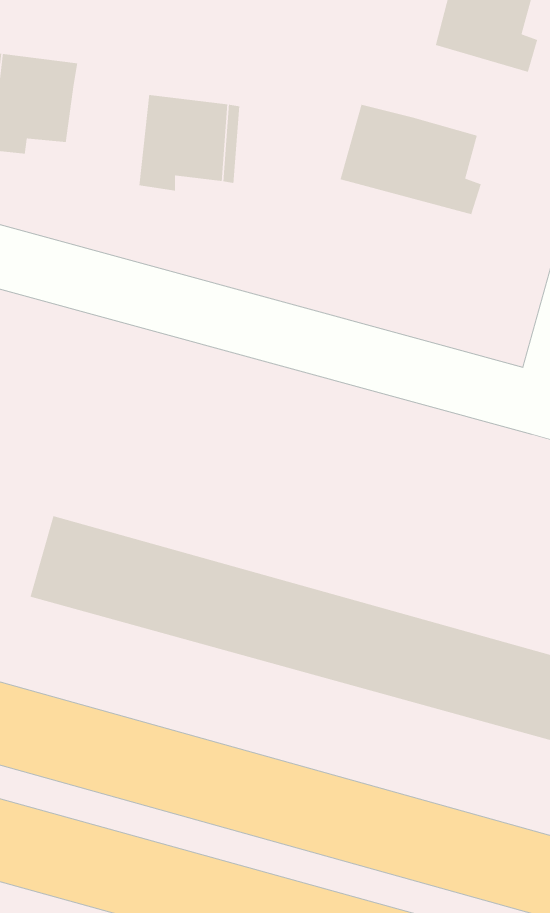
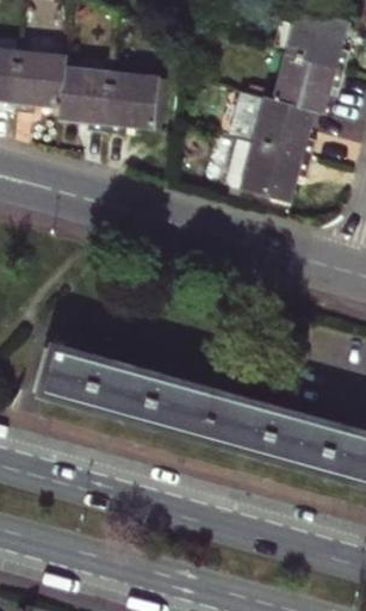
building: none -> [275,51,345,110]
building: none -> [61,75,112,137]
building: none -> [224,135,310,197]

